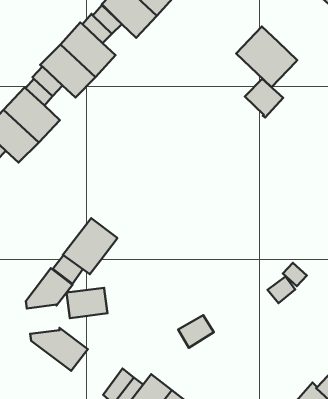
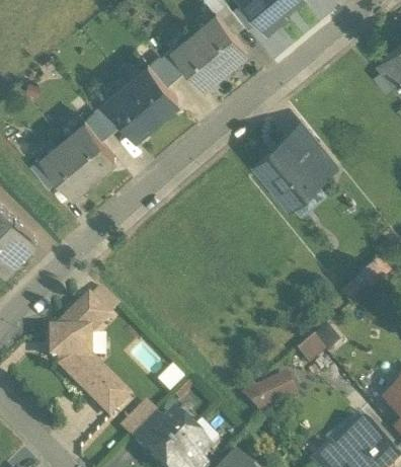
building: [236,26,297,87] -> [258,138,317,199]
building: [63,218,117,274] -> none
building: [67,288,107,318] -> [53,335,90,361]
building: [178,315,214,348] -> [257,379,292,409]
building: none -> [96,383,130,416]

